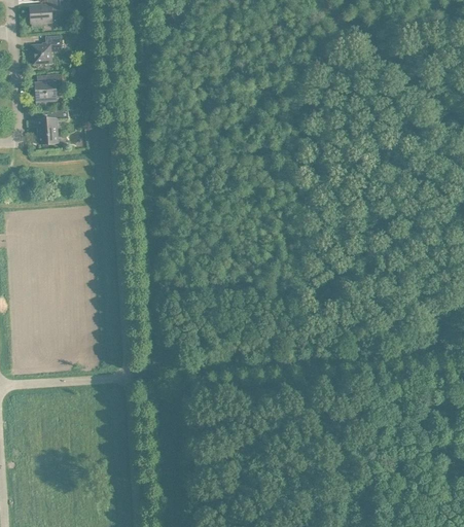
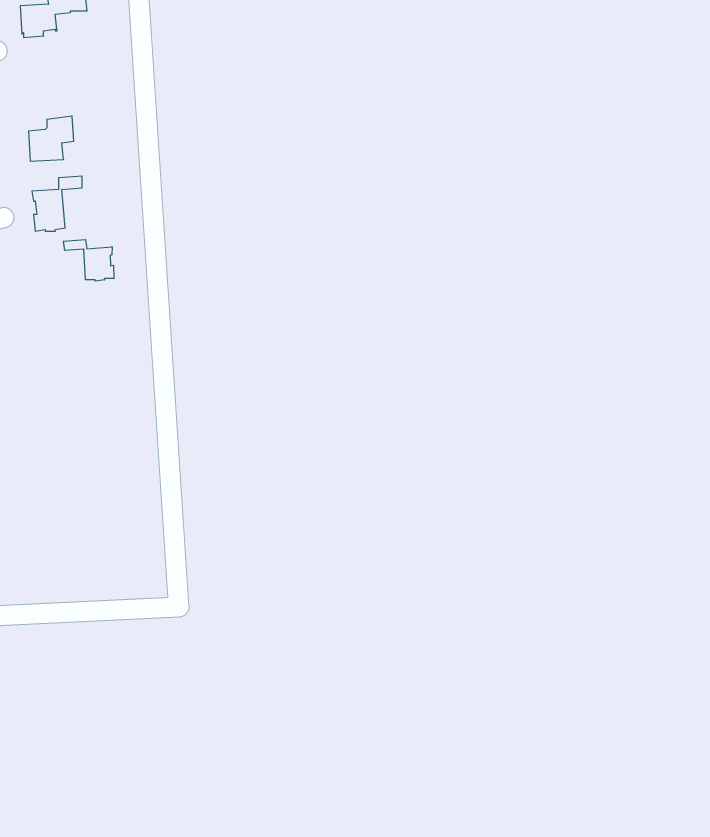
building: [31,35,63,64] -> none
building: none -> [63,240,114,281]

